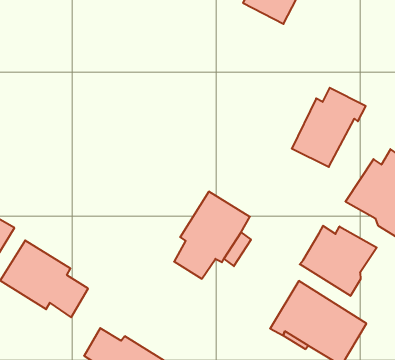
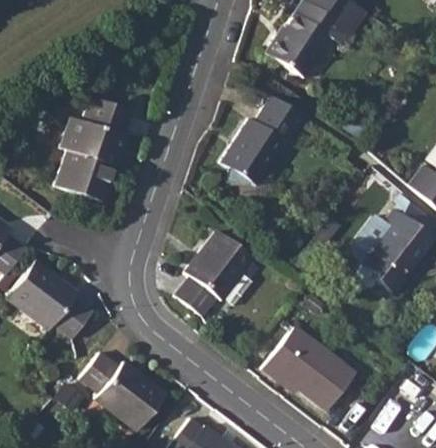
building: none -> [56,97,133,201]
building: [292,88,366,167] -> [222,109,297,185]
building: [300,226,377,296] -> none

